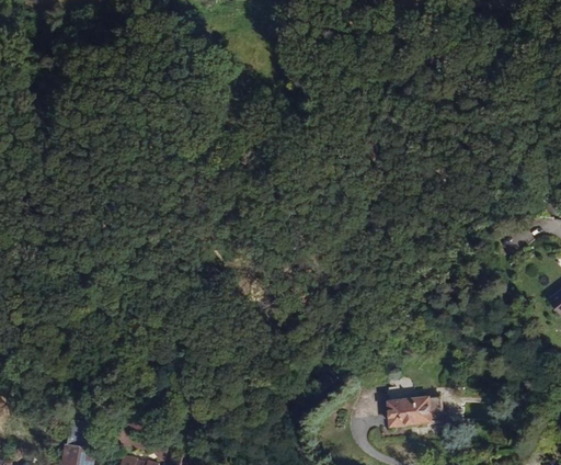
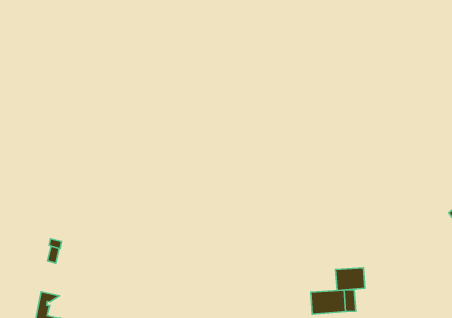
building: none -> [336,268,365,291]

